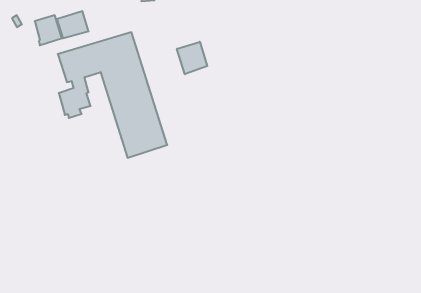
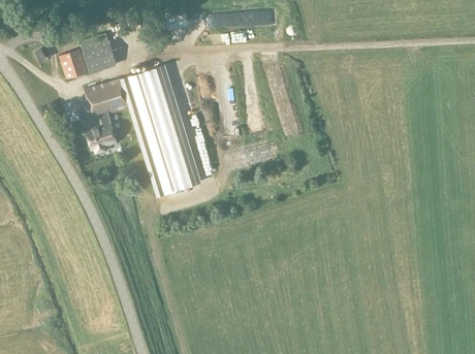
building: [177,42,207,74] -> none

